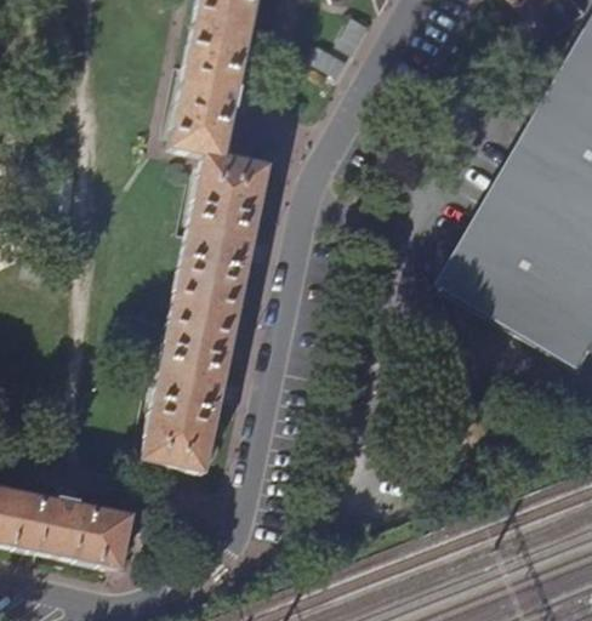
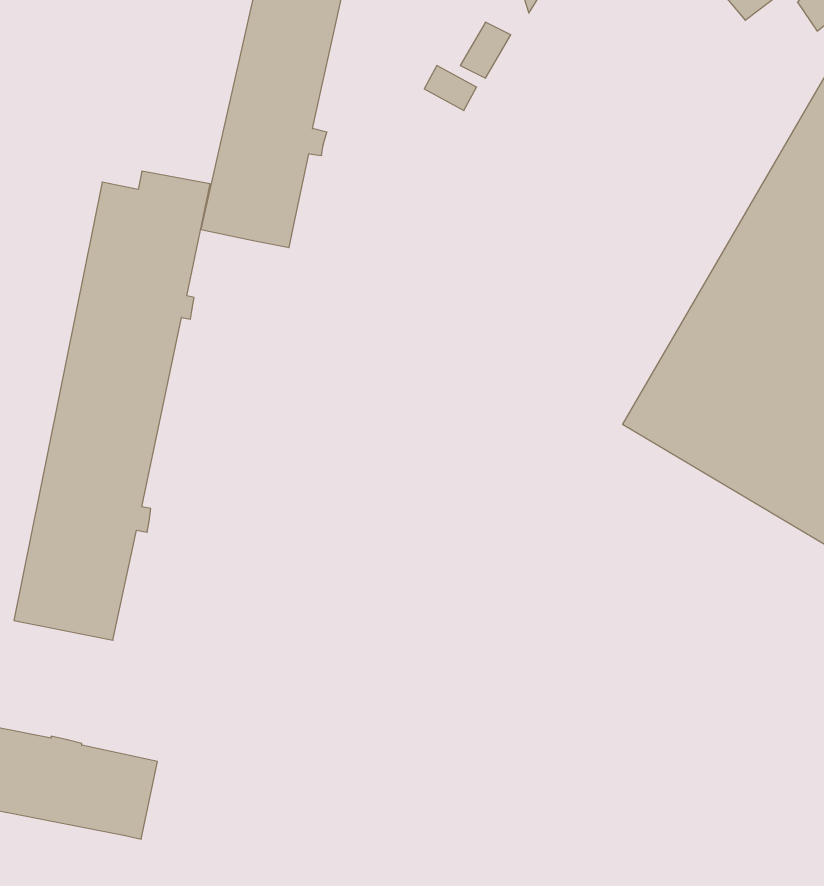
building: [137,155,269,471] -> [14,171,210,640]

